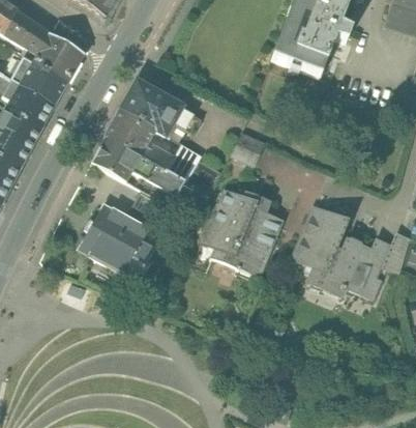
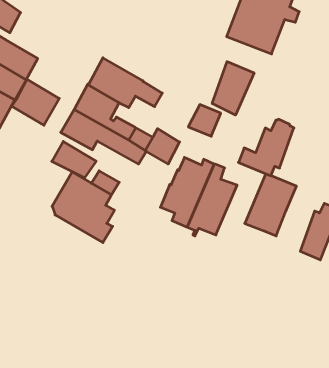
building: [32,31,84,81] -> [11,79,59,125]
building: none -> [212,62,254,115]
building: none -> [52,141,96,178]
building: [306,236,366,297] -> [238,119,294,176]

